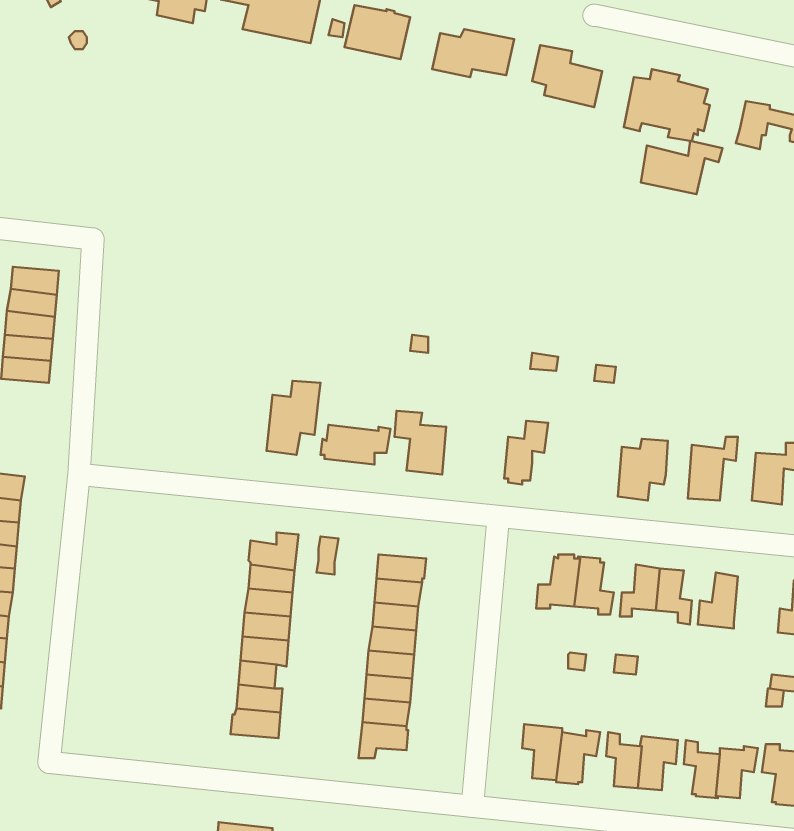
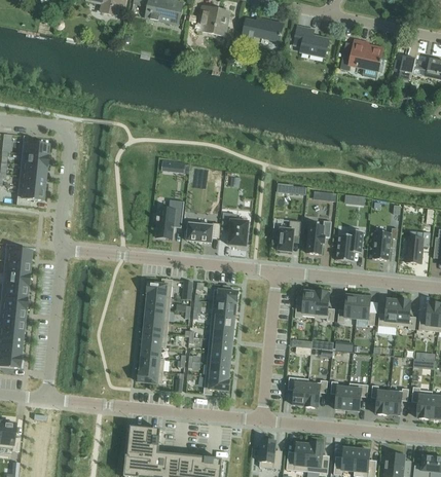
building: [641,141,723,194] -> none
building: none -> [306,219,331,252]
building: none -> [396,297,415,328]

